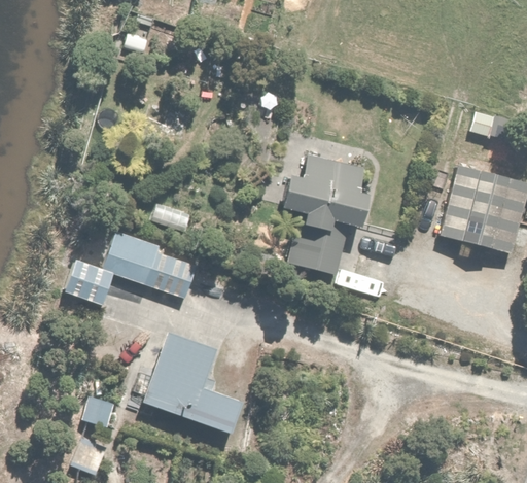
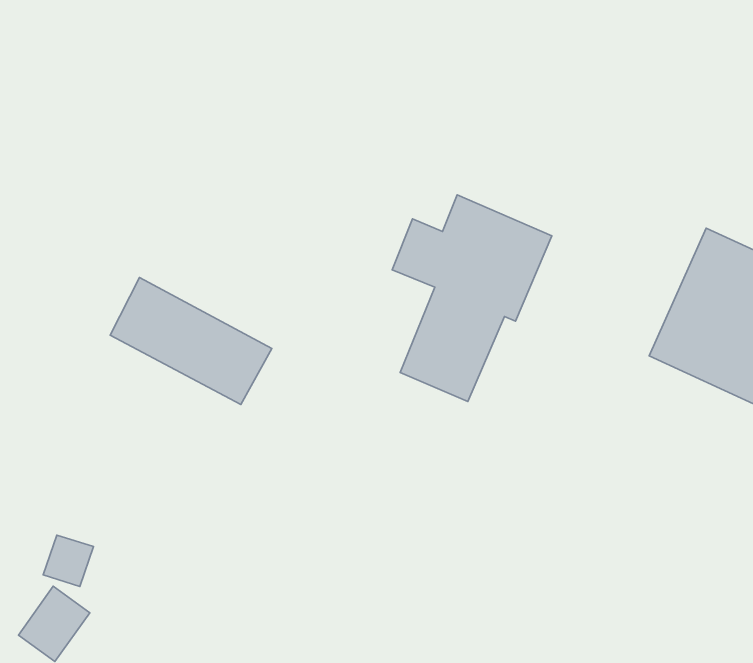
building: [62,263,109,308] -> none
building: [148,331,248,427] -> none

